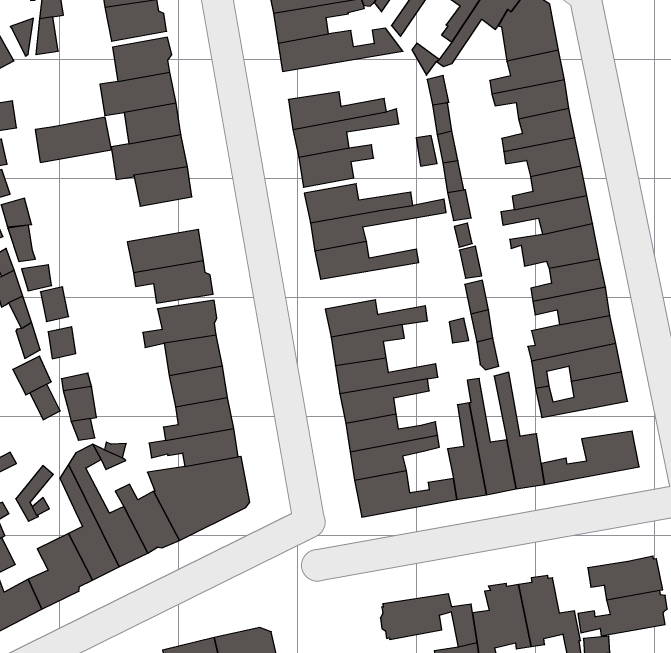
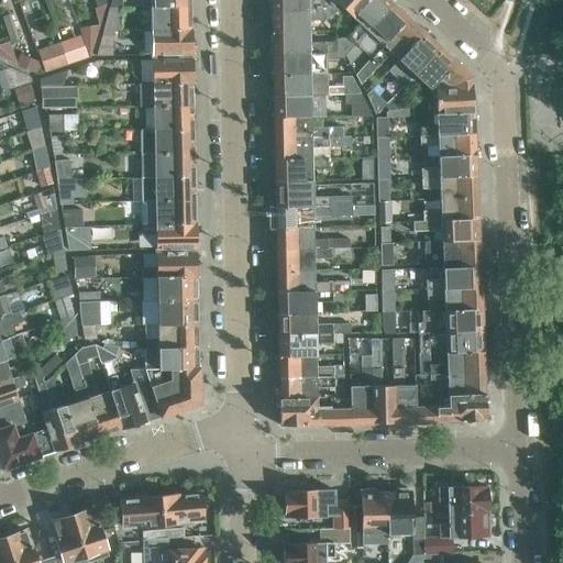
building: none -> [273,95,373,117]
building: [35,117,112,162] -> [142,176,195,201]
building: none -> [277,249,350,272]
building: none -> [413,372,485,394]

